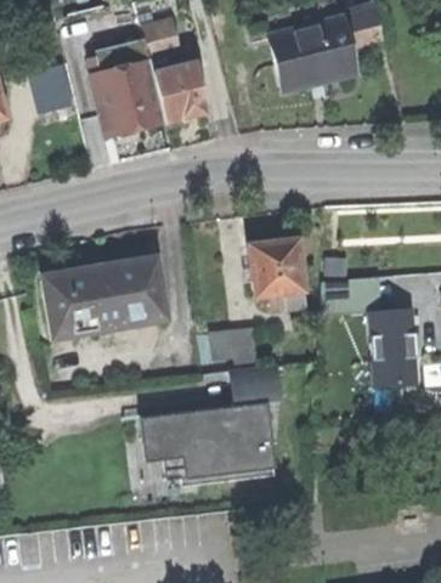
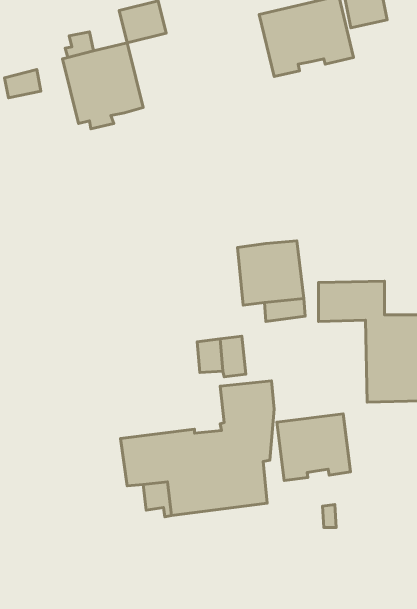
building: [149,60,207,118] -> none
building: [40,253,165,338] -> none
building: none -> [277,414,350,480]

